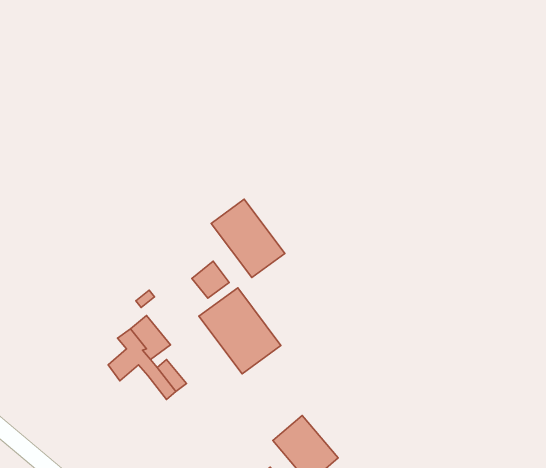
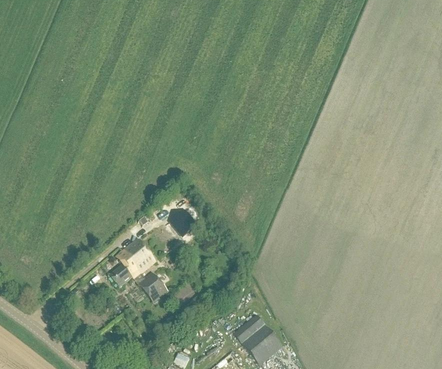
building: [211,199,285,278] -> none
building: [199,288,281,374] -> none

